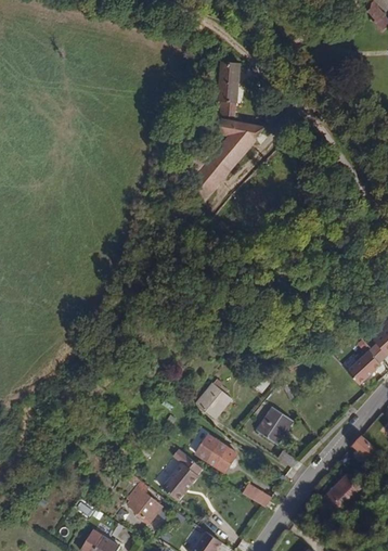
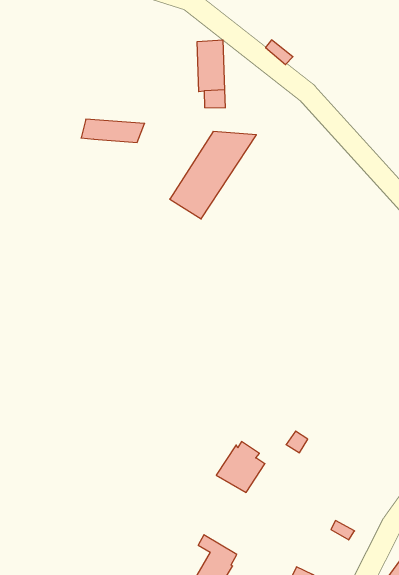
building: [212,118,263,141] -> [81,119,145,142]
building: [254,406,294,446] -> none
building: [193,434,237,474] -> none

